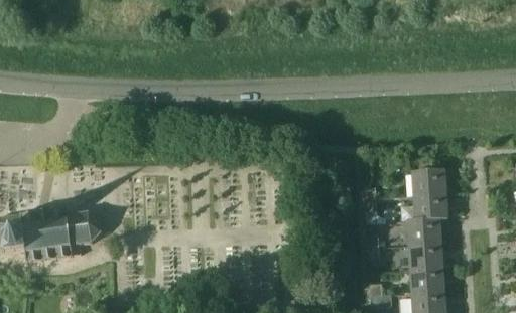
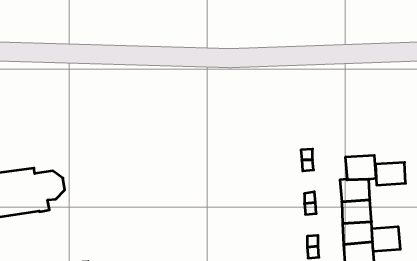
building: [411,171,444,196] -> [376,162,406,185]
building: none -> [372,227,400,252]

